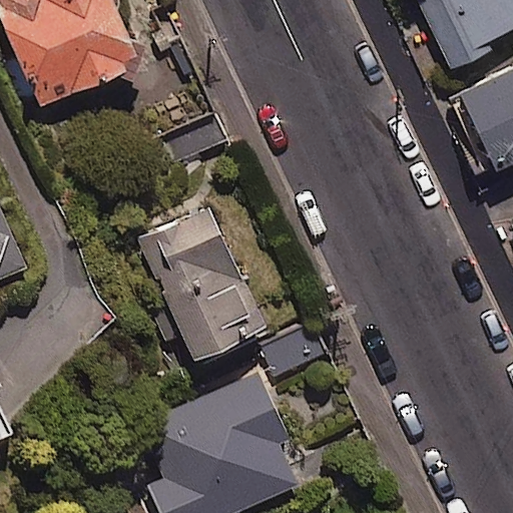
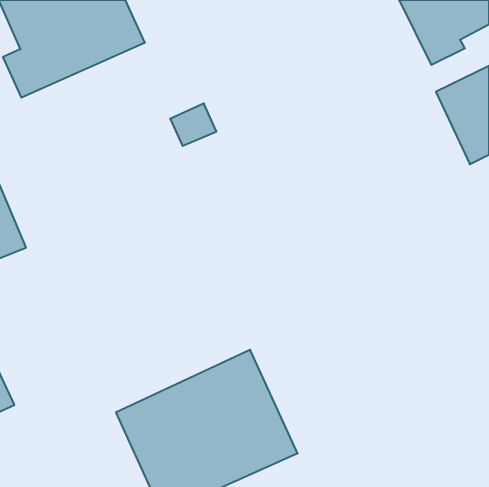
building: [138,203,266,355] -> none

